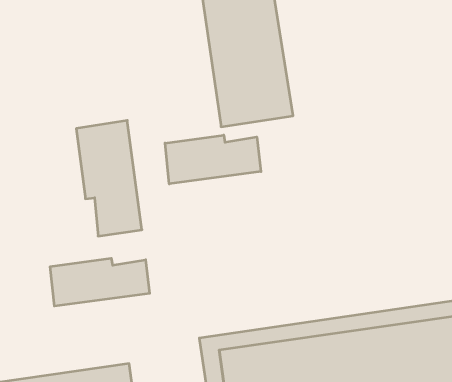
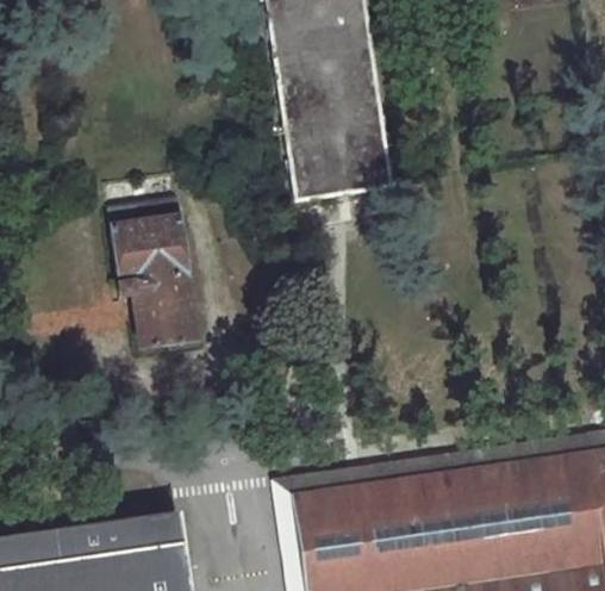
building: [165,135,261,184] -> none
building: [50,258,150,306] -> none

